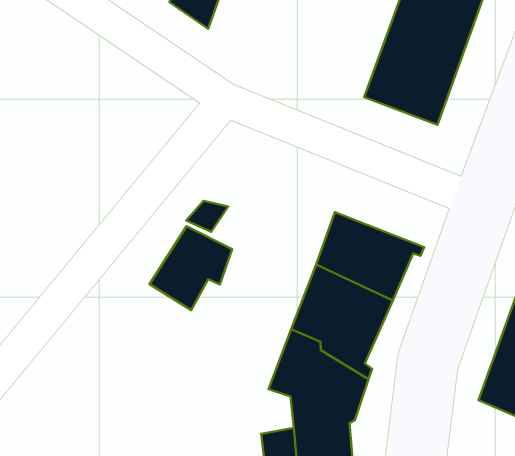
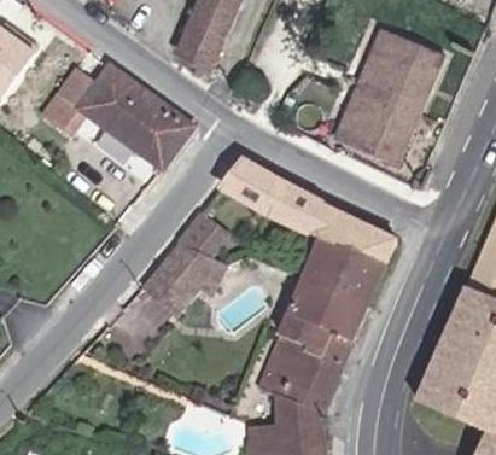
building: none -> [42,70,192,175]
building: none -> [222,164,398,269]

